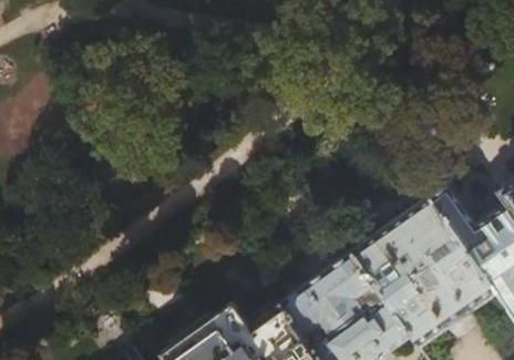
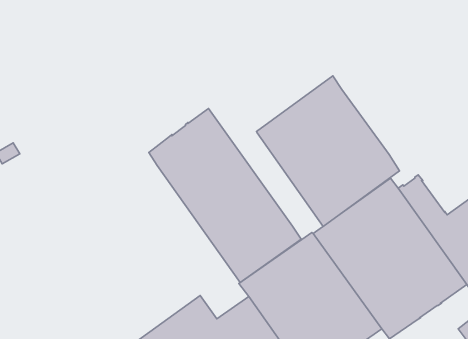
building: none -> [256,76,399,226]
building: none -> [149,109,301,282]

